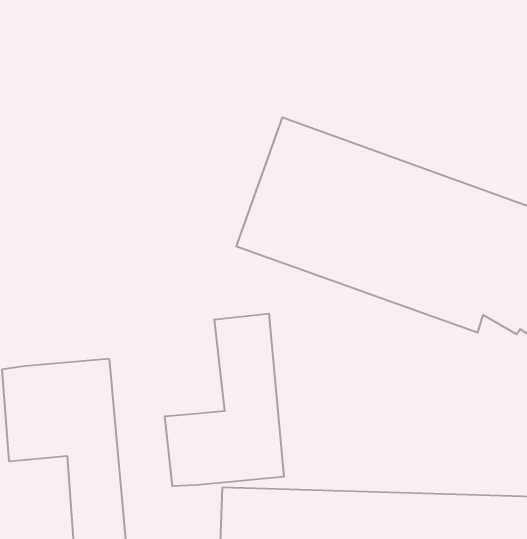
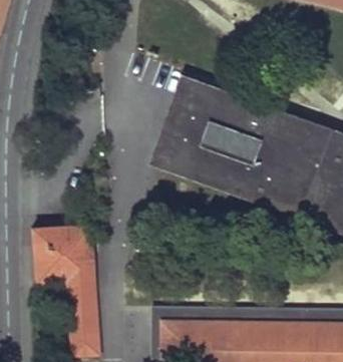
building: [165,314,284,486] -> none

